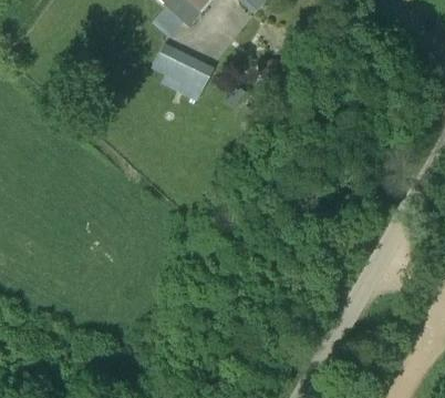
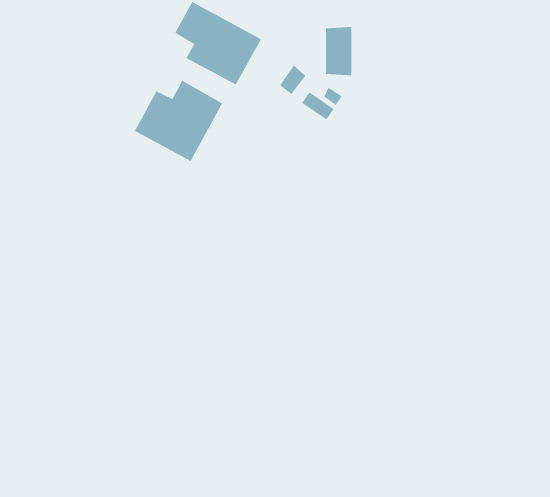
building: none -> [134,80,223,162]

